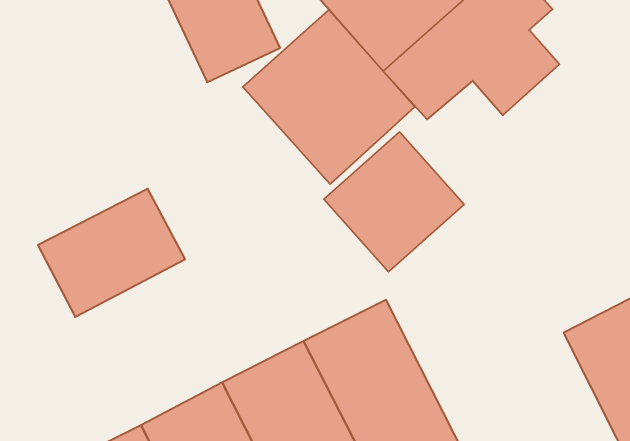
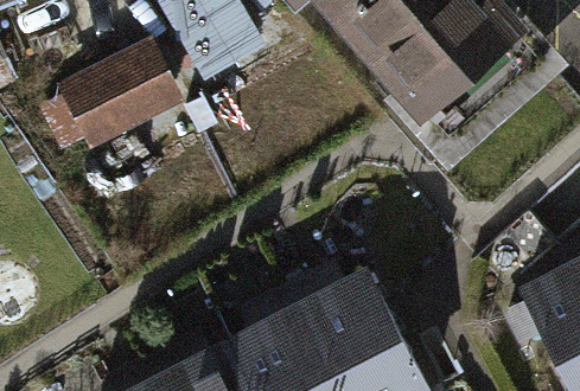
building: [243,10,415,184] -> none
building: [324,132,464,272] -> none
building: [38,189,185,317] -> [57,46,184,156]

